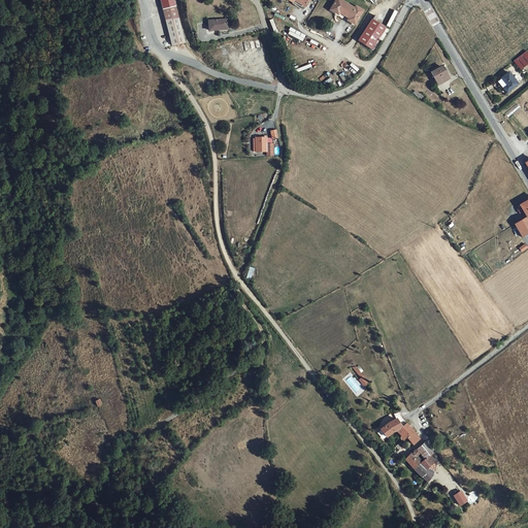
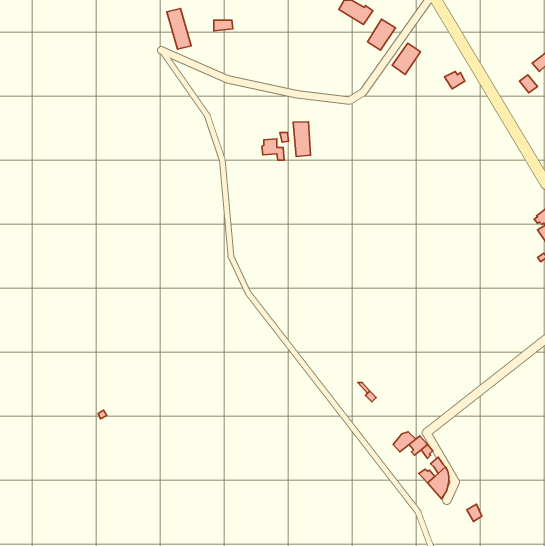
building: none -> [392,43,421,75]
building: none -> [293,122,310,156]

